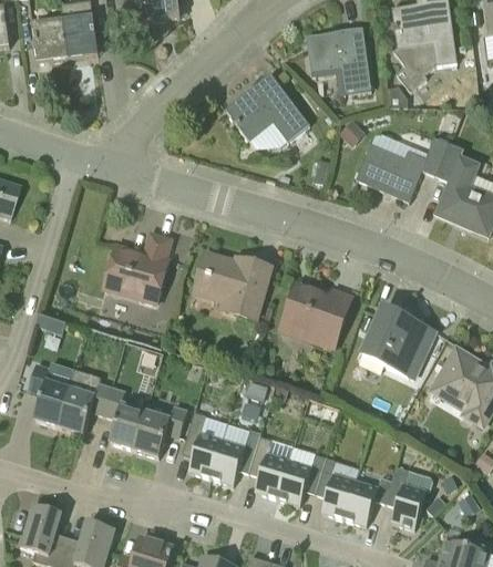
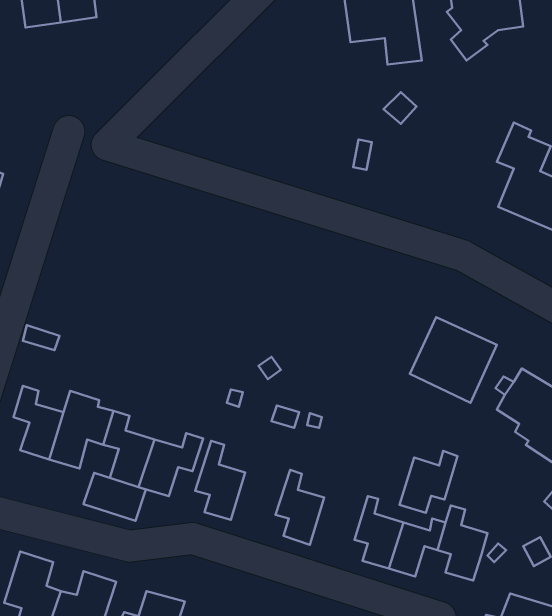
building: [226,74,309,141] -> none
building: [356,136,449,200] -> none
building: [104,233,172,302] -> none
building: [194,251,270,320] -> none
building: [280,284,351,350] -> none
building: [210,426,260,484] -> none
building: none -> [84,473,146,521]
building: [277,452,326,504] -> [400,451,458,513]

